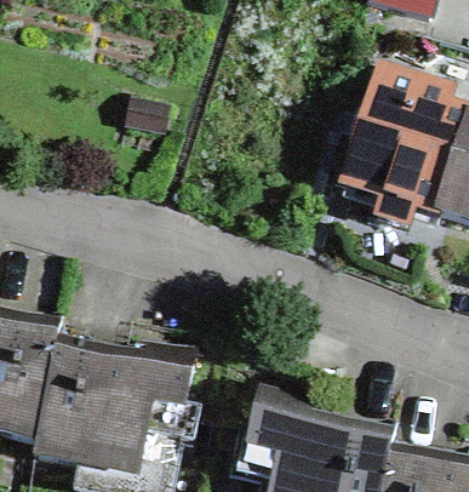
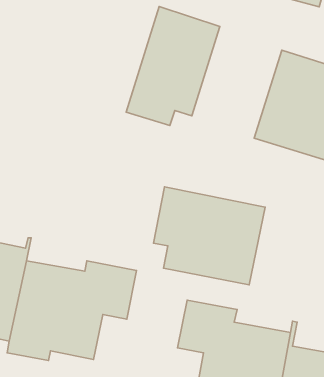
building: none -> [126,7,220,125]
building: none -> [153,187,265,285]

